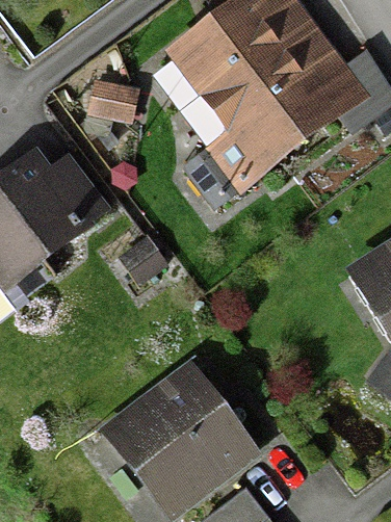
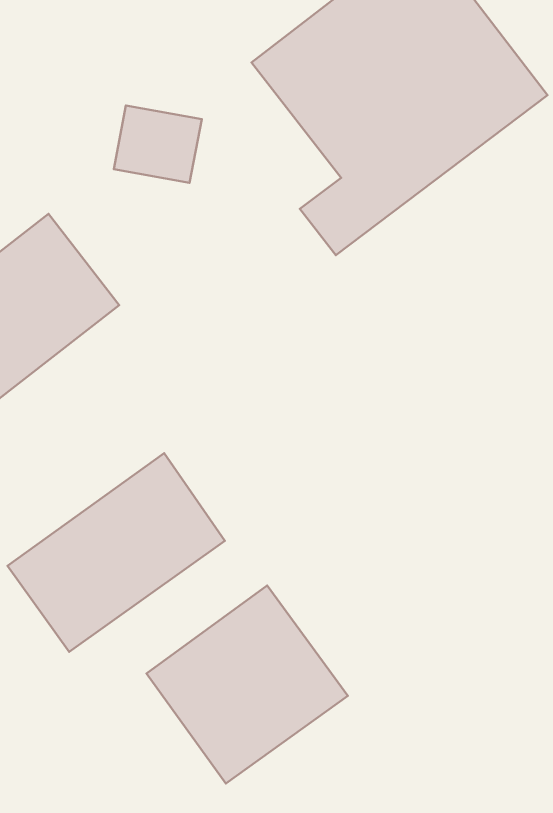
building: none -> [7,453,225,652]

